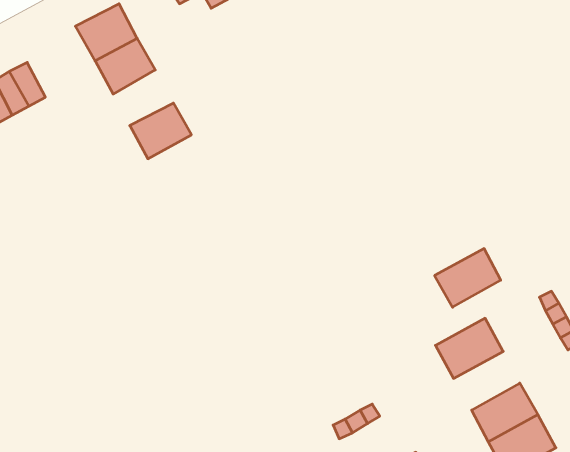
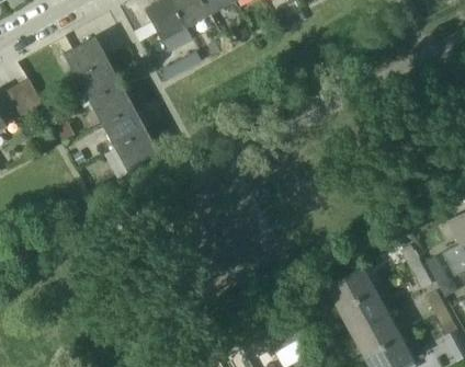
building: none -> [91,84,135,125]
building: none -> [116,131,160,172]
building: [435,249,501,307] -> [339,289,387,332]

